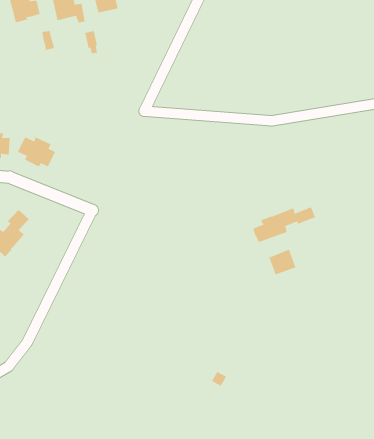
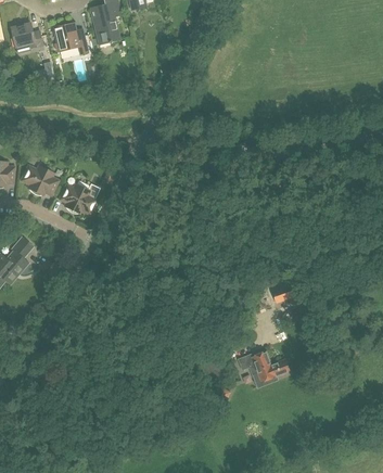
building: none -> [58,183,99,214]
building: [253,207,316,243] -> none
building: none -> [238,350,289,379]

